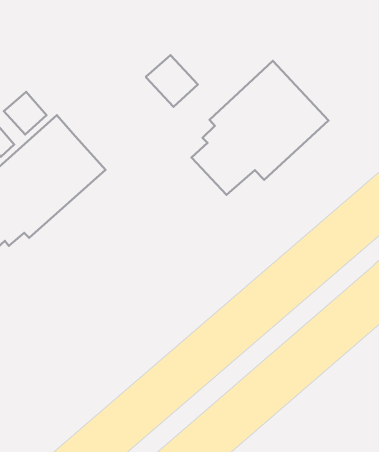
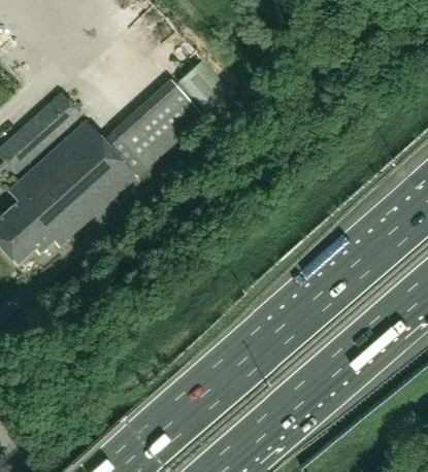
building: [192,61,328,195] -> none
building: none -> [103,78,205,176]

